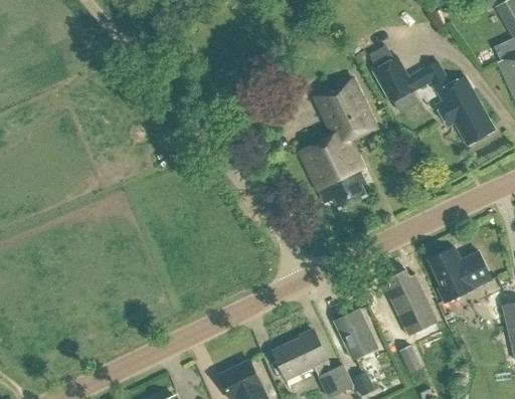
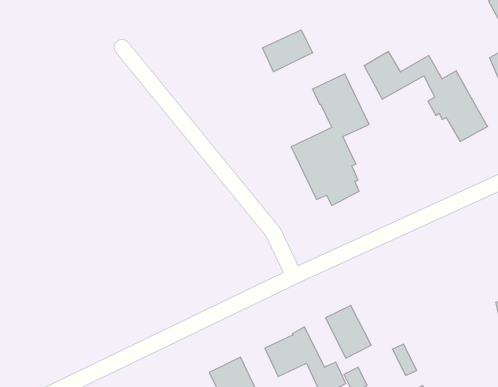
building: none -> [262,30,313,72]
building: [430,246,492,303] -> none
building: [387,271,438,337] -> none

